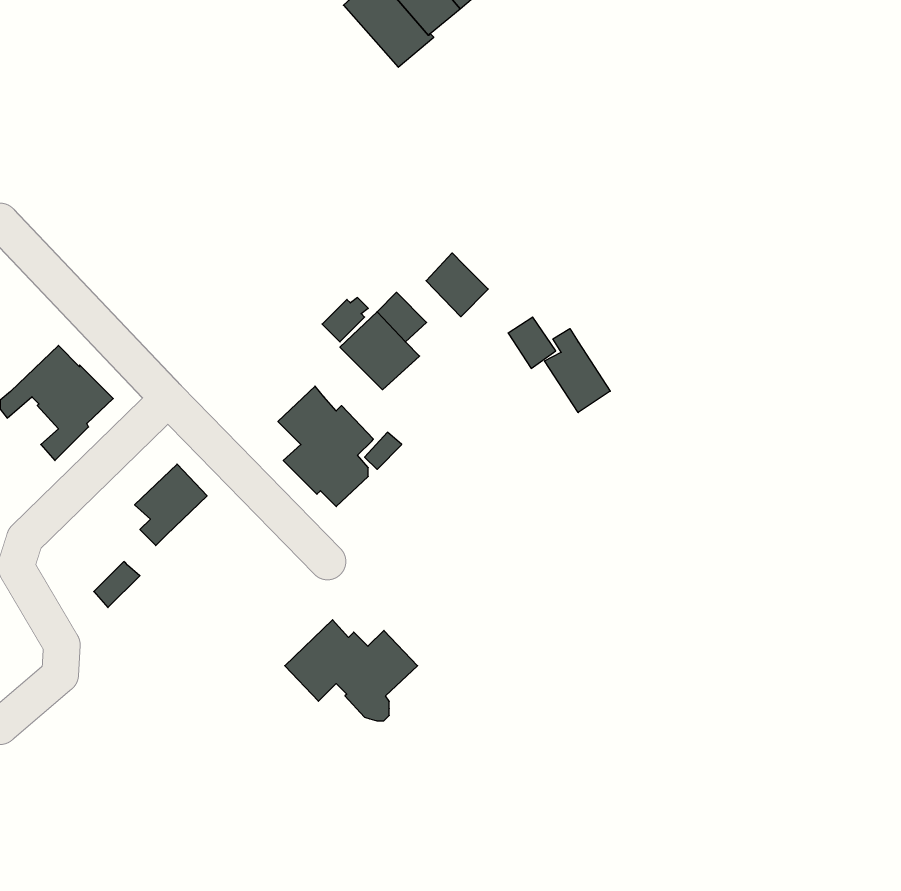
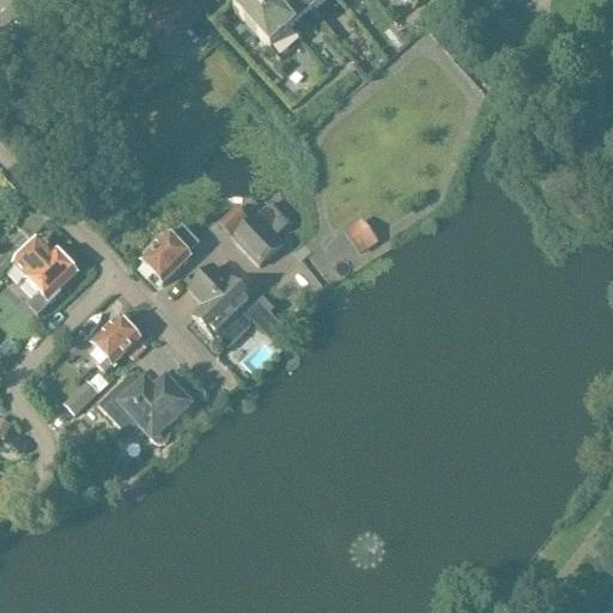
building: [426,253,488,317] -> none
building: [545,329,610,413] -> none
building: none -> [142,223,201,280]
building: [285,620,418,721] -> [101,371,190,439]

